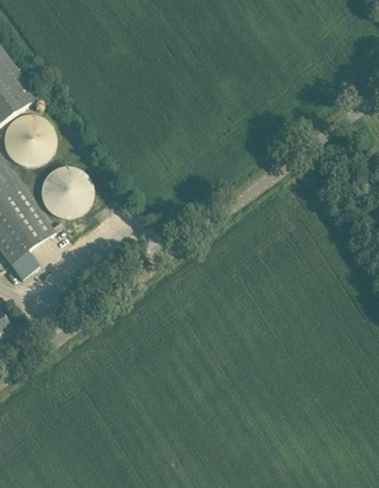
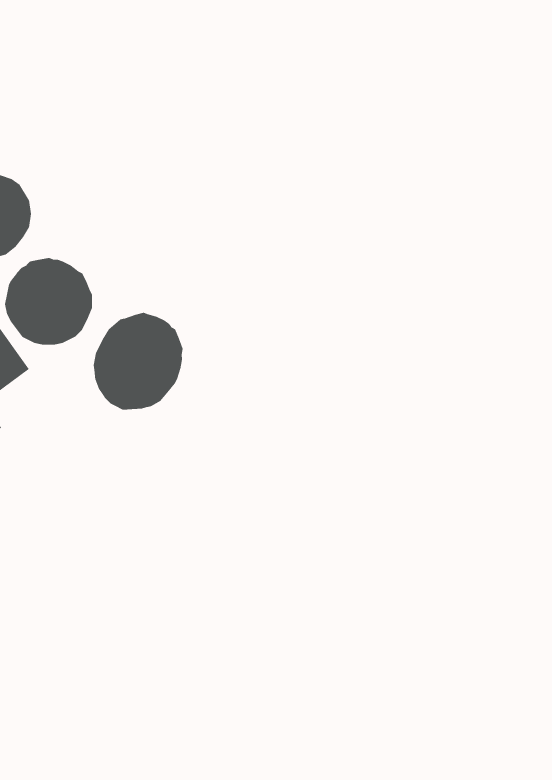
building: none -> [93,312,184,410]

